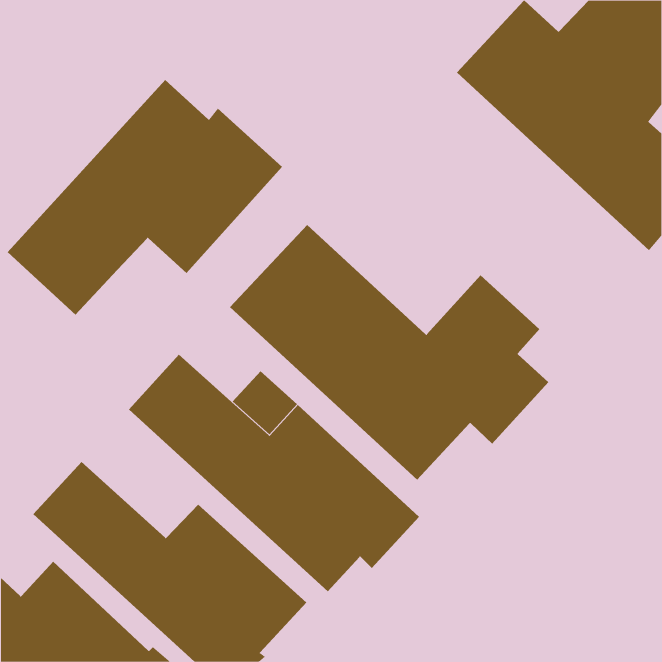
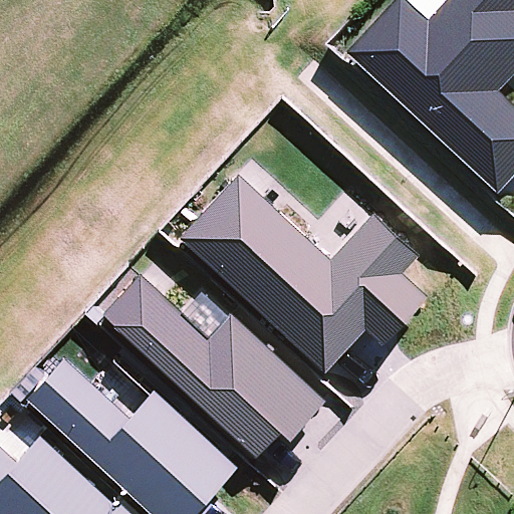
building: [7,79,283,316] -> none

